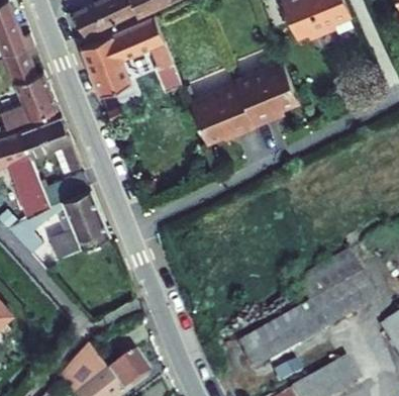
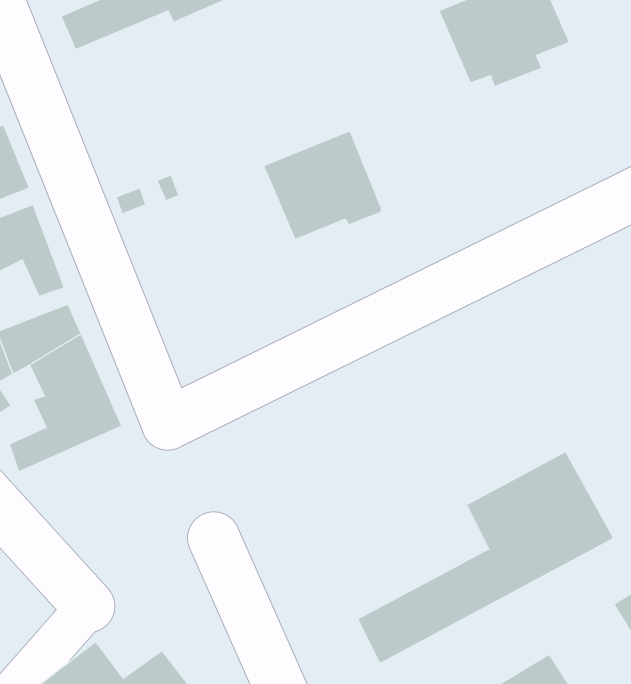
building: [79,14,172,90] -> none
building: [231,52,296,115] -> none

